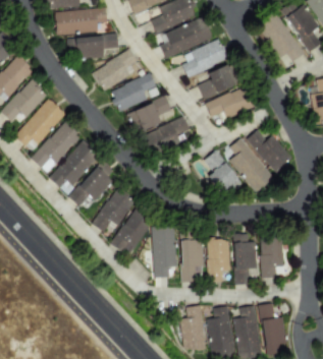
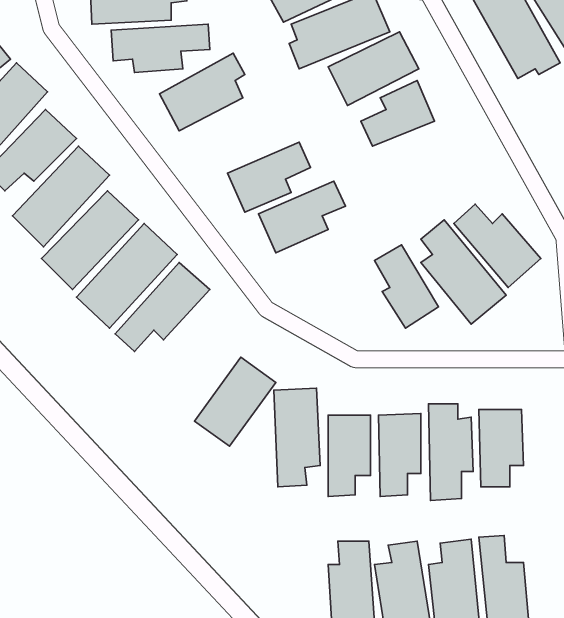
building: [110,74,155,111] -> none
building: [205,86,254,121] -> none
building: [92,187,136,233] -> none

